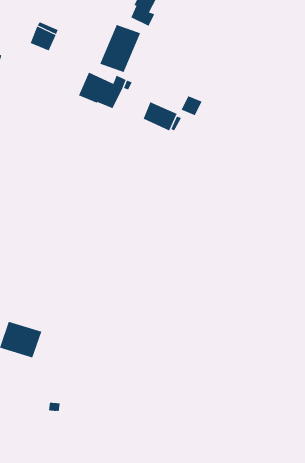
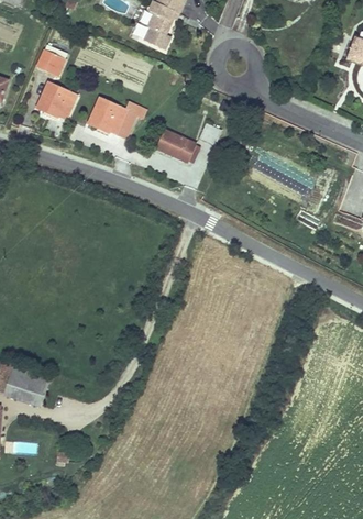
building: [100,24,141,73] -> none
building: none -> [36,81,76,118]

